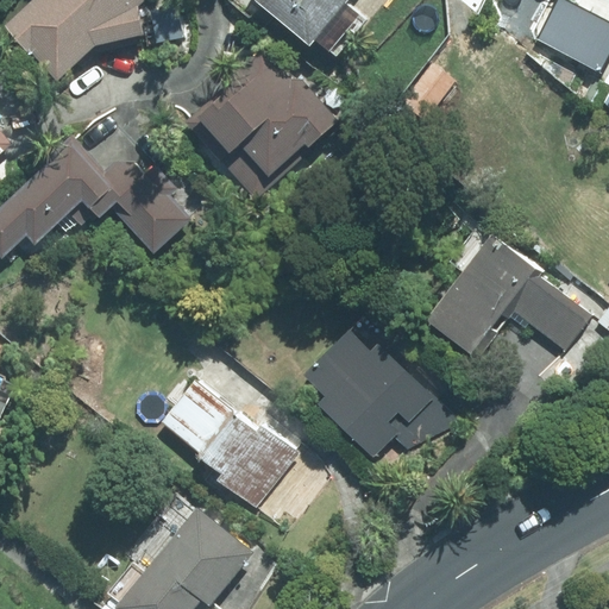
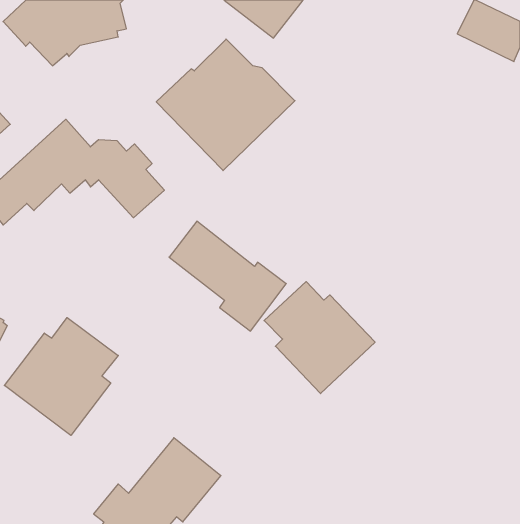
building: [425,231,588,354] -> none
building: none -> [4,318,118,435]
building: [159,381,295,508] -> [169,221,286,331]

